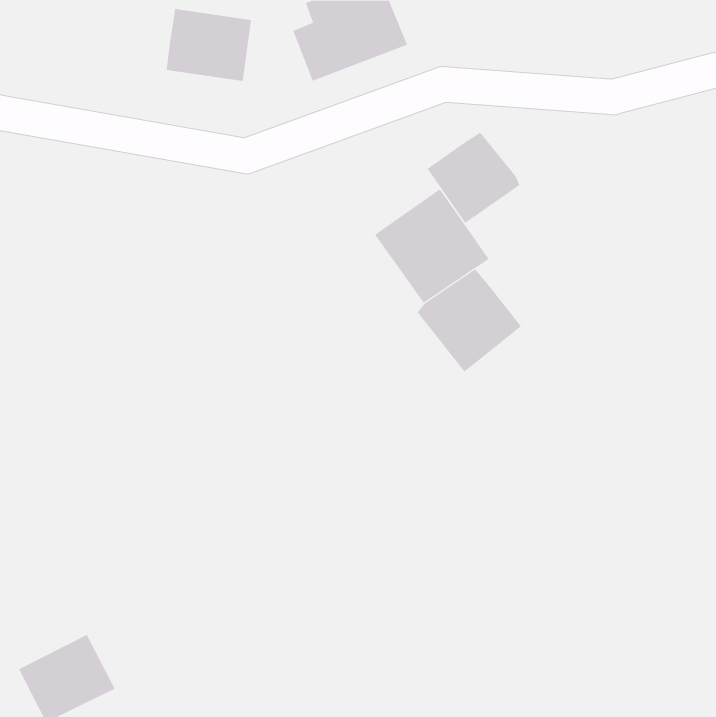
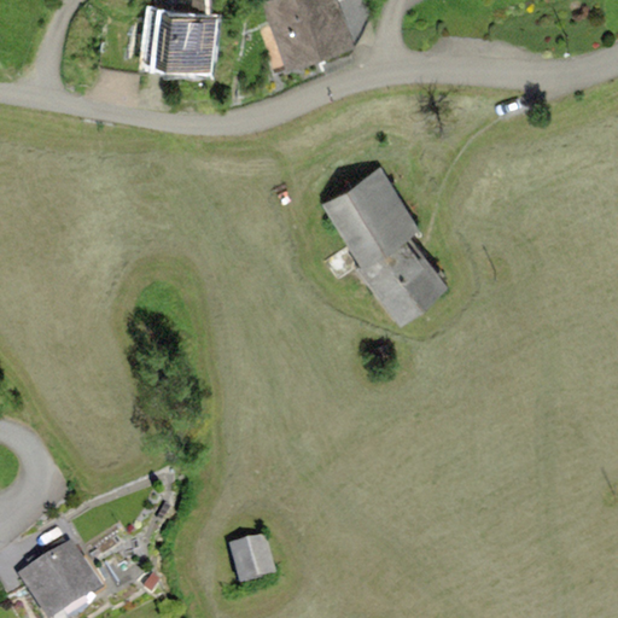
building: [427,132,520,224] -> none
building: none -> [231,535,278,587]

